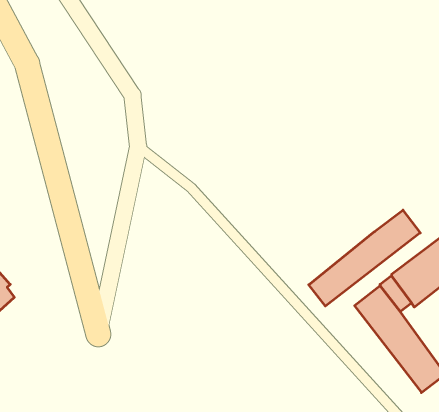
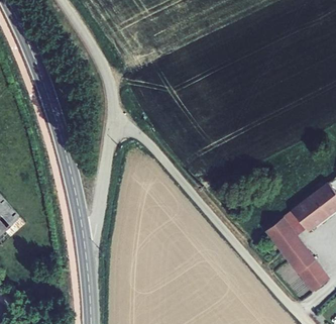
building: [309,210,420,306] -> none

